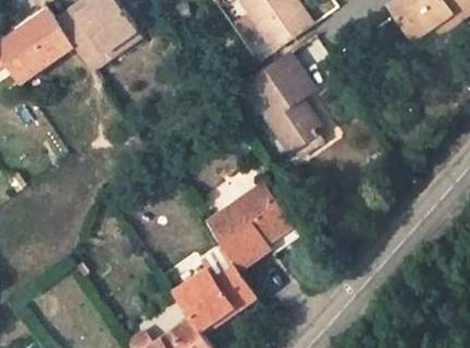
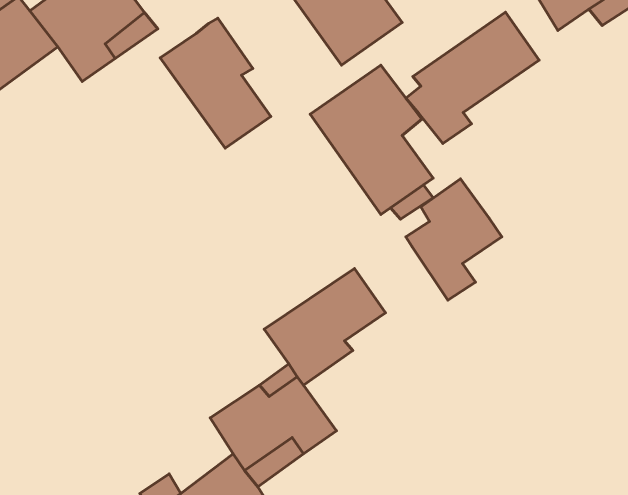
building: none -> [406,12,539,143]
building: none -> [160,18,271,148]
building: none -> [406,179,502,300]

